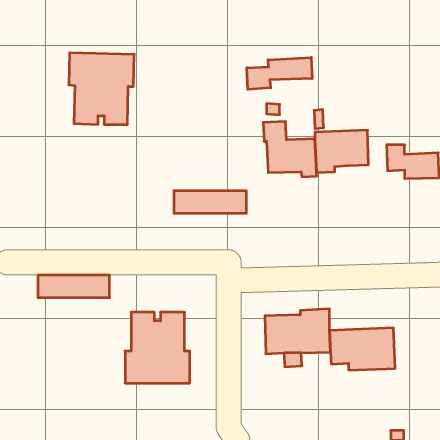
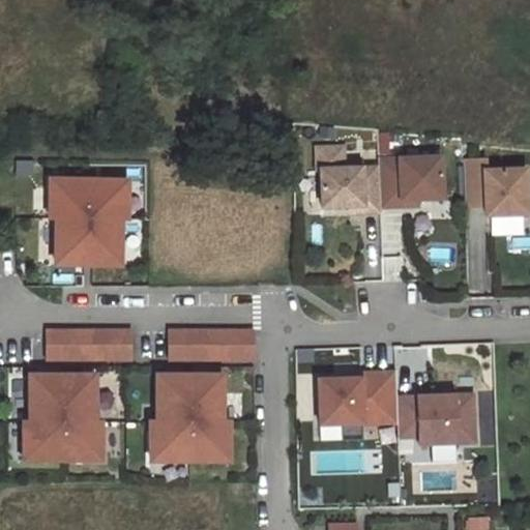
building: [69,53,134,124] -> [50,178,128,264]
building: [247,57,312,89] -> none
building: [174,191,246,213] -> [168,330,255,357]
building: none -> [24,375,101,460]

